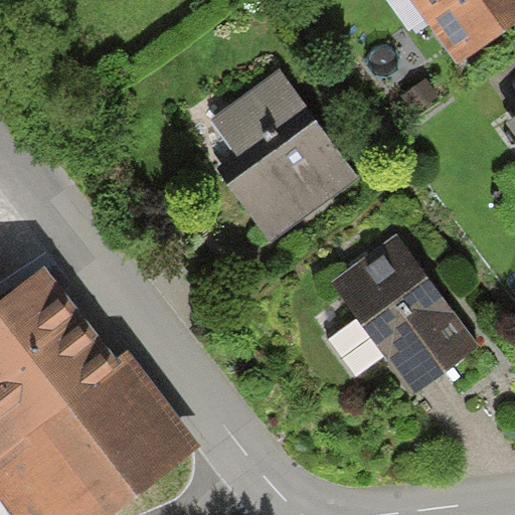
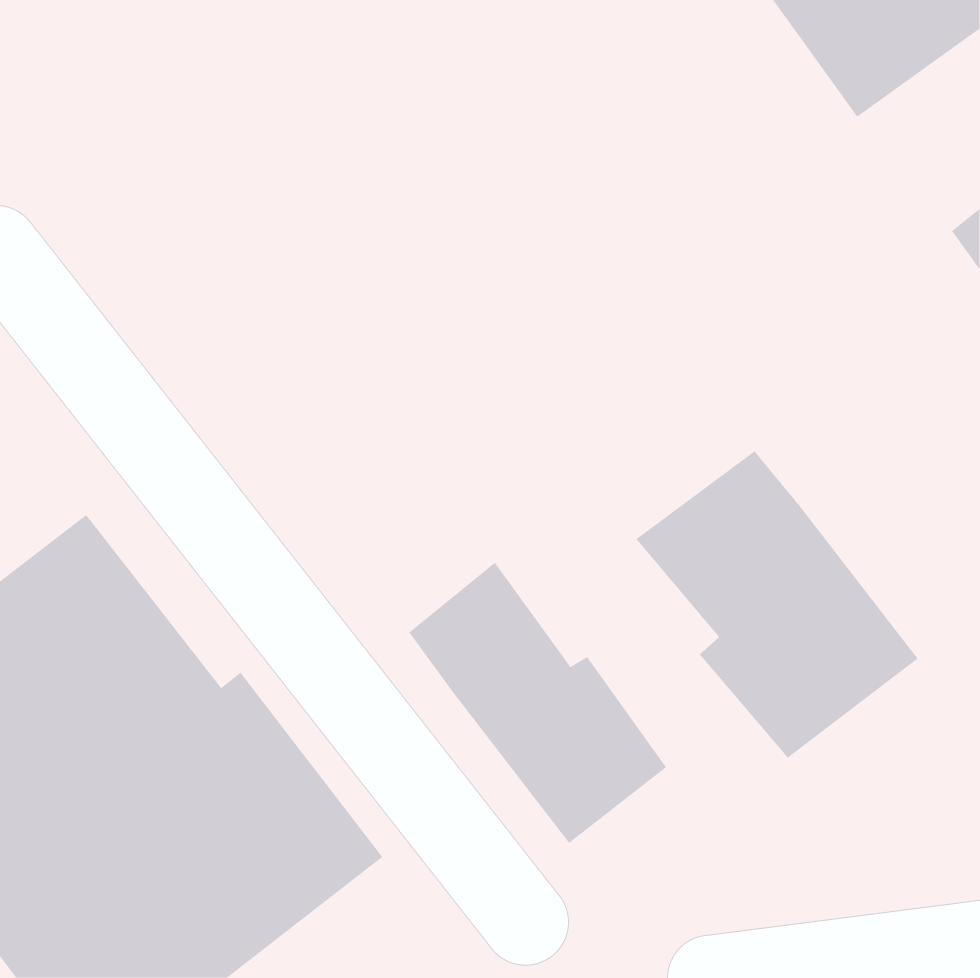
building: [208,68,361,245] -> none
building: none -> [408,562,667,844]

